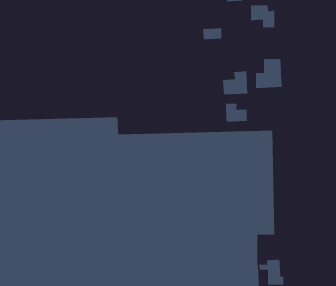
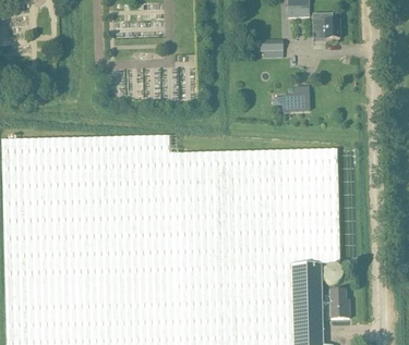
building: [255,58,282,89] -> none
building: [225,103,247,123] -> none

